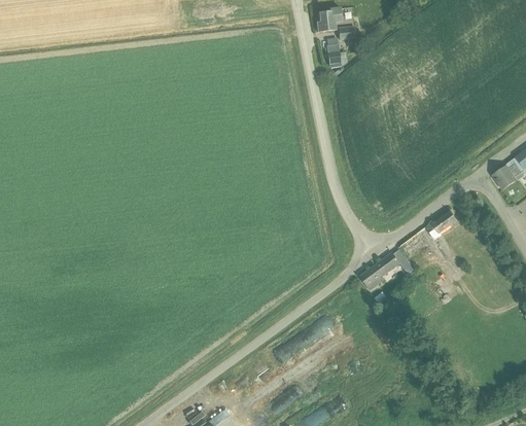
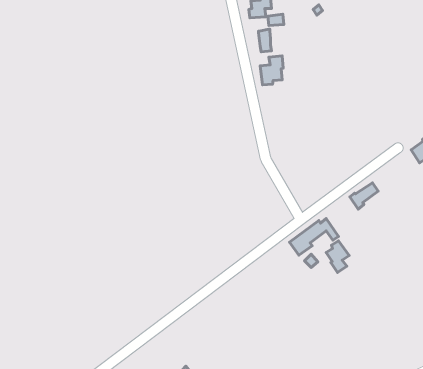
building: none -> [260,56,283,85]
building: none -> [326,241,349,272]

